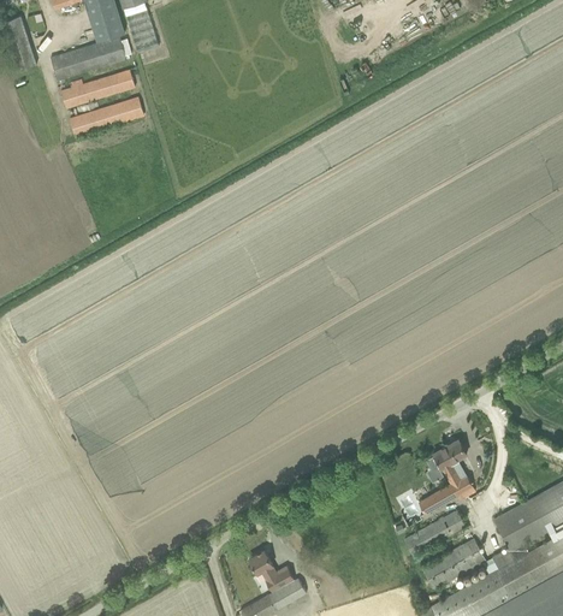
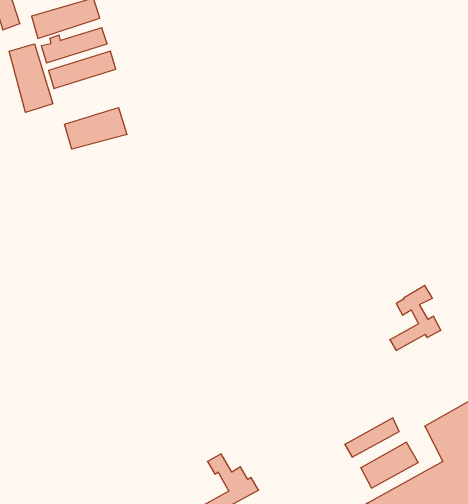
building: none -> [9,44,53,112]
building: none -> [64,108,127,149]
building: [417,439,475,513] -> [390,285,441,350]

